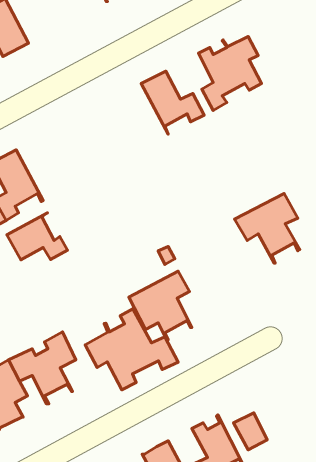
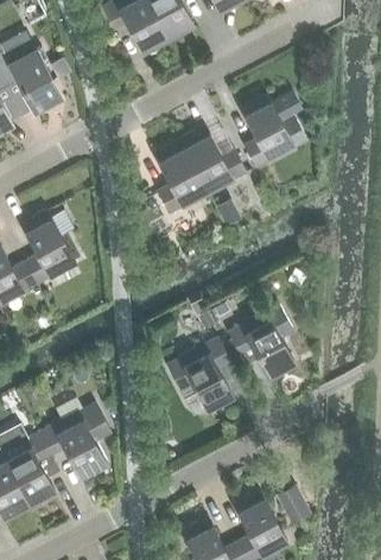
building: none -> [155,144,210,217]
building: [235,193,300,263] -> [229,308,298,382]
building: [7,213,67,260] -> none
building: [85,309,178,390] -> none

